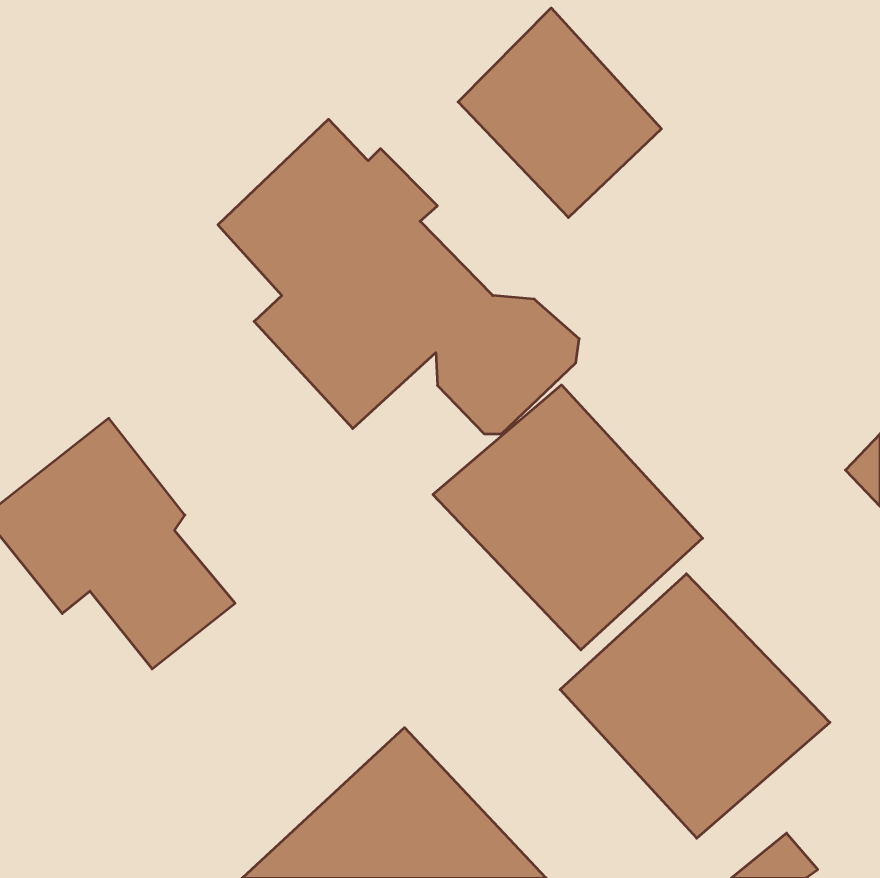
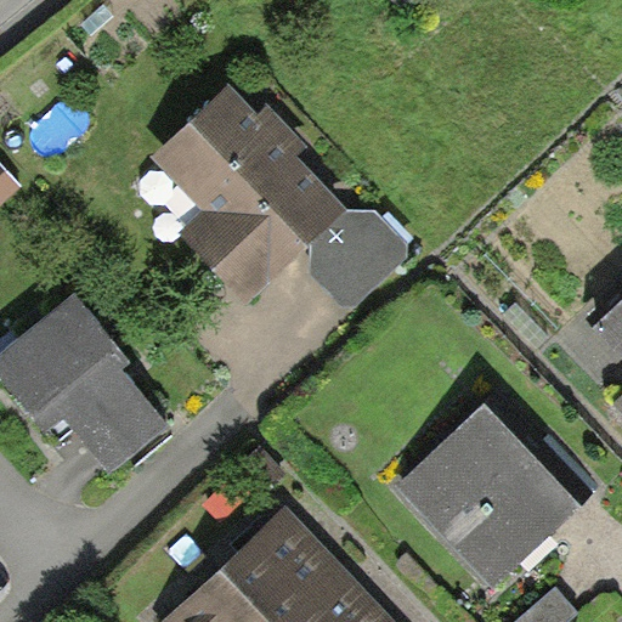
building: [458,8,661,218] -> none
building: [433,385,703,650] -> none

